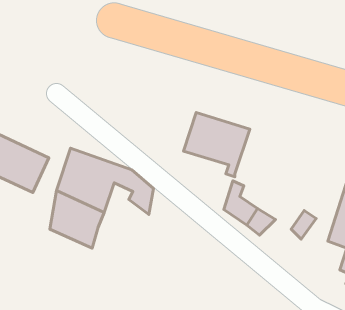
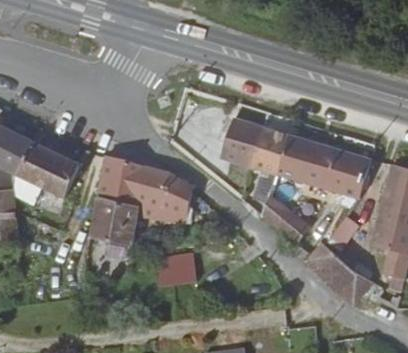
building: none -> [273,135,369,197]
building: none -> [309,239,380,304]
building: none -> [154,254,197,286]

